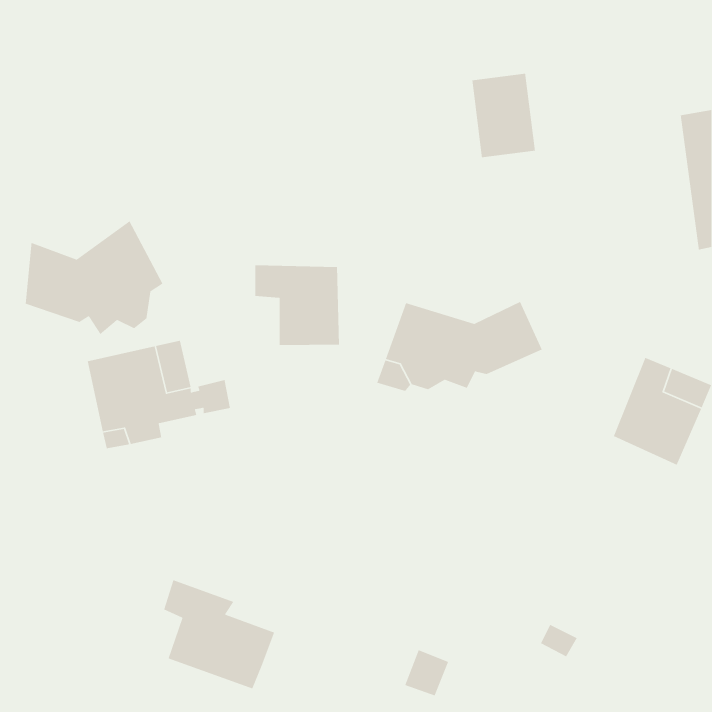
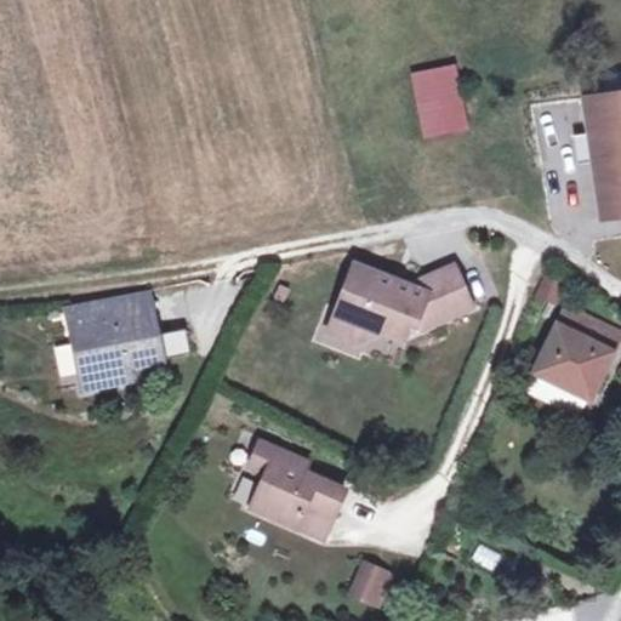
building: [25,220,163,335] -> none
building: [254,265,340,346] -> none
building: [163,579,275,690] -> [245,441,342,537]

